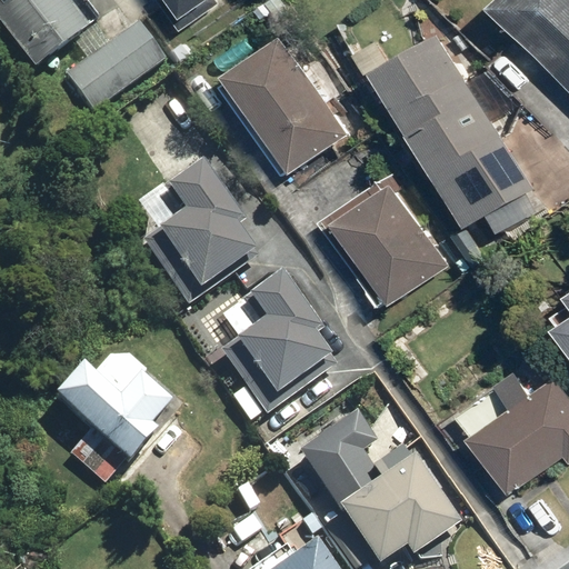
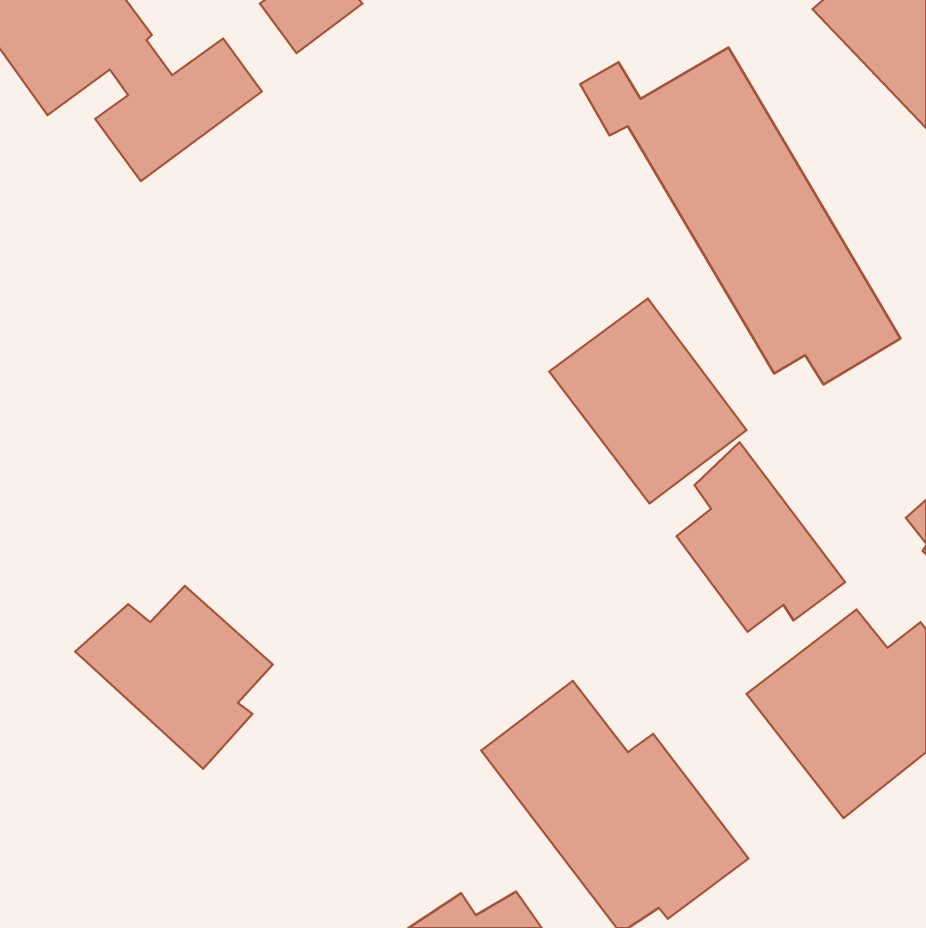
building: [226,36,355,177] -> none
building: [131,158,252,303] -> none
building: [214,267,331,415] -> none
building: none -> [677,442,845,632]

